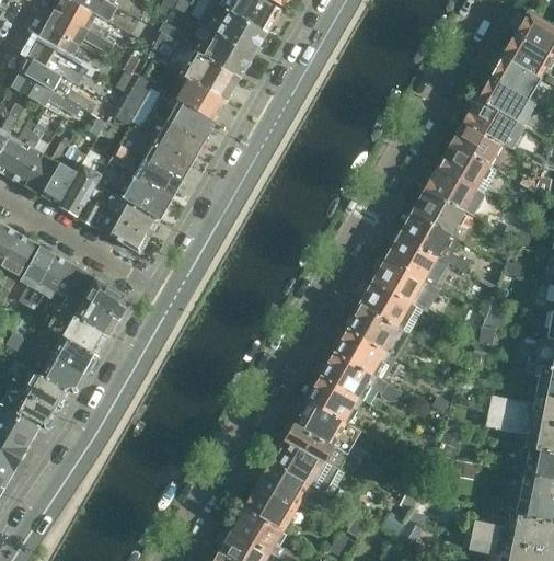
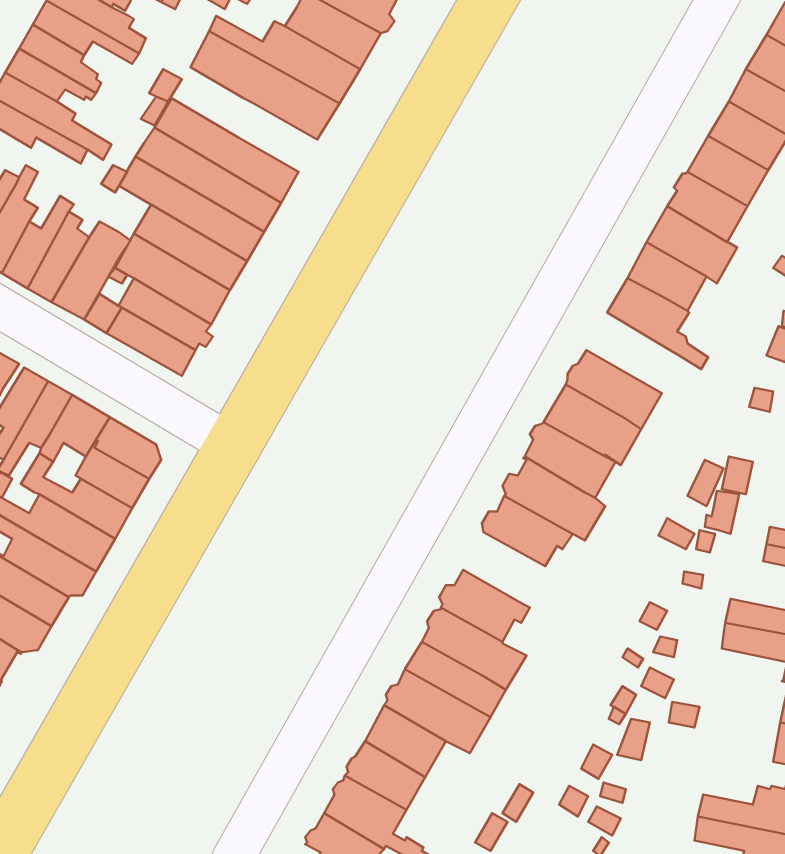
building: [164,78,228,122] -> none
building: [400,211,469,272] -> none
building: [320,352,377,398] -> none

